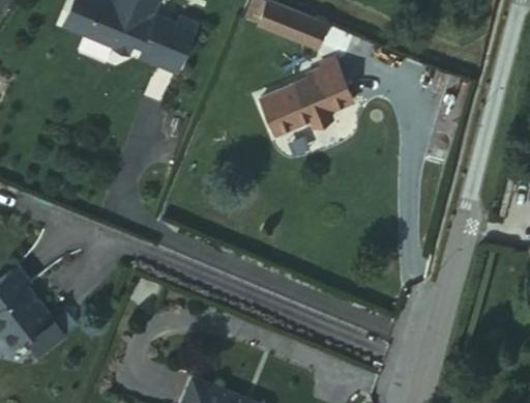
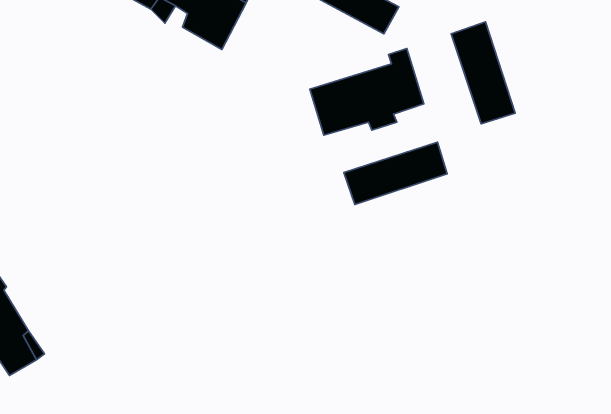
building: none -> [451,22,515,124]
building: none -> [344,142,447,204]

